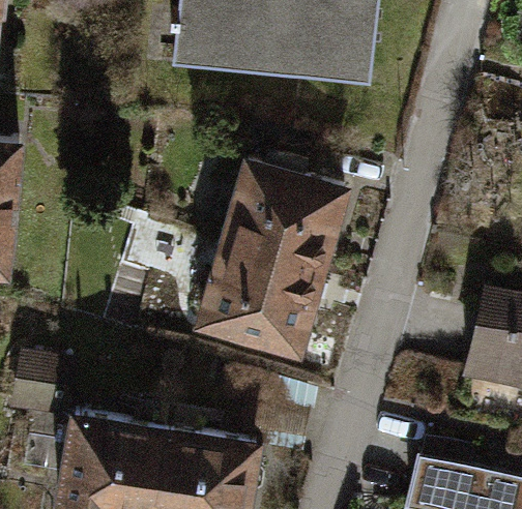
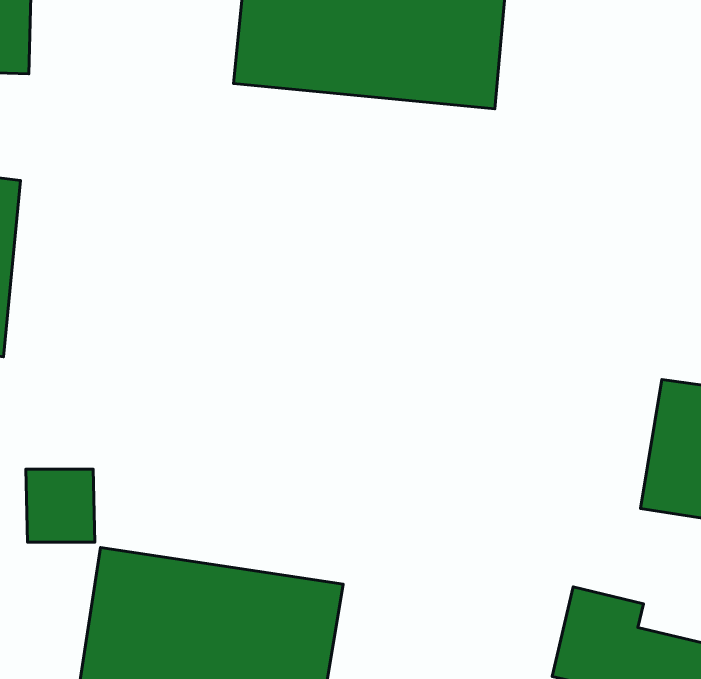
building: [201,160,343,353] -> none

